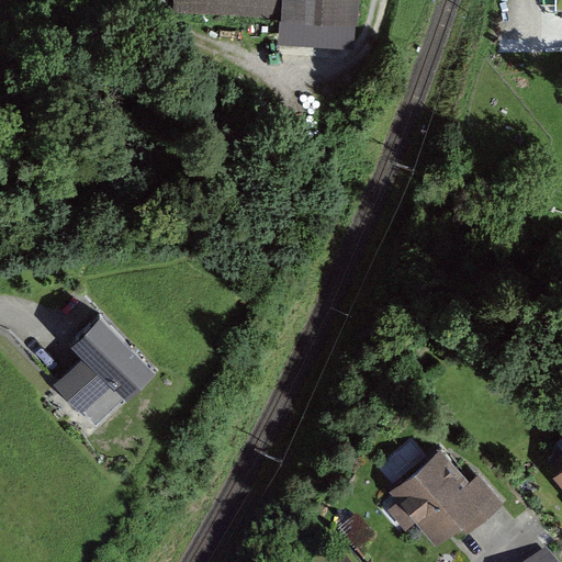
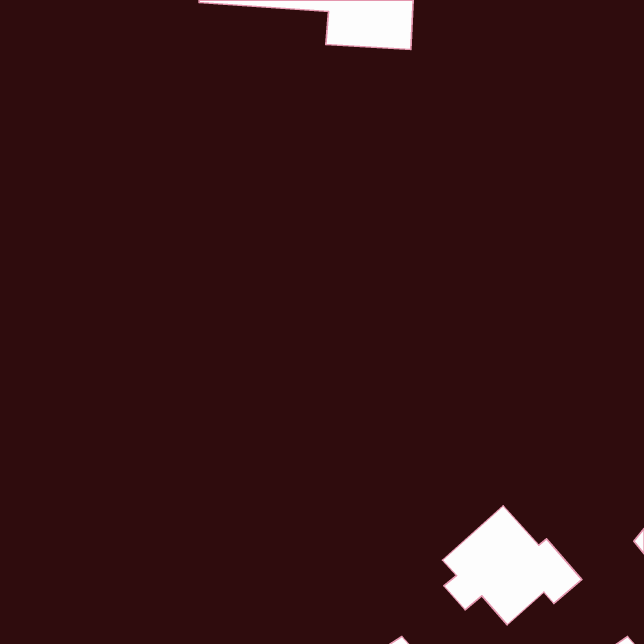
building: [54,322,150,418] -> none

